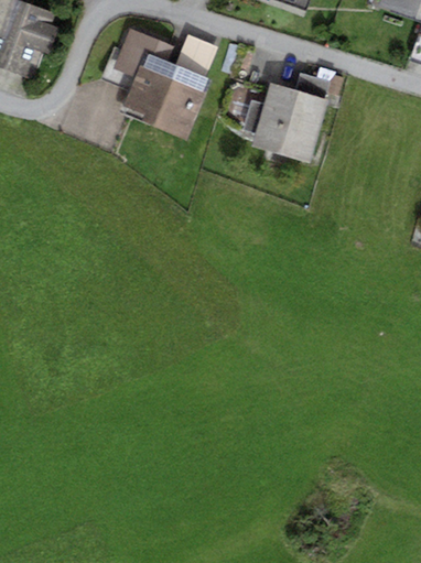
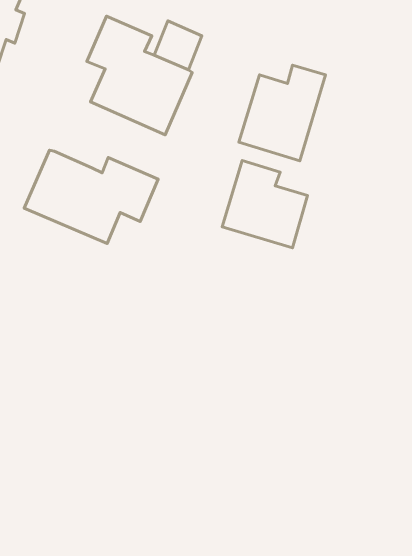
building: none -> [24,150,158,244]
building: none -> [222,161,308,248]

